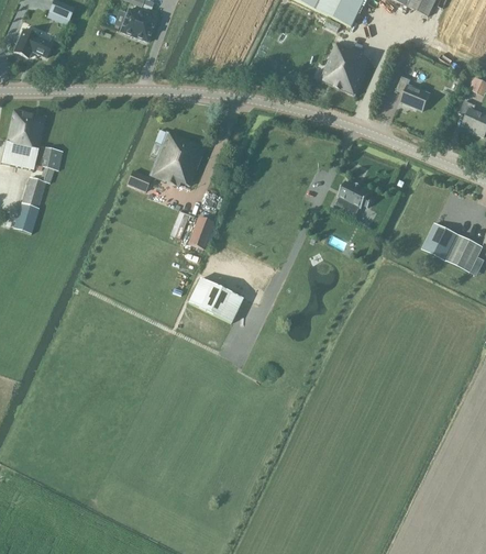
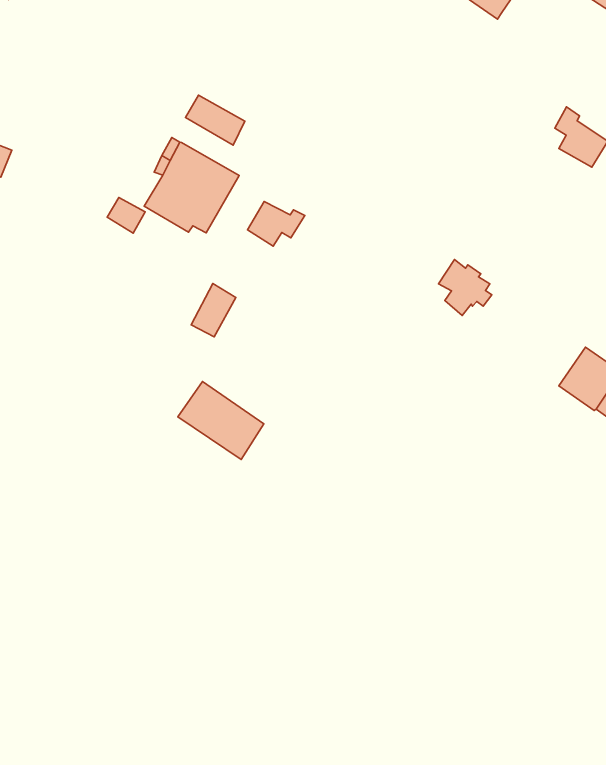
building: [320,43,372,96] -> none
building: none -> [185,95,245,145]
building: none -> [248,201,305,246]

